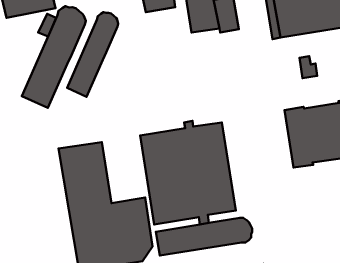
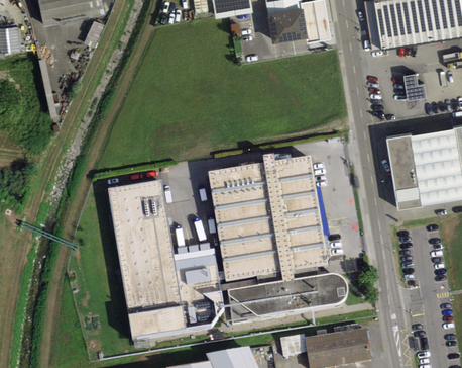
building: [22,6,86,108] -> none
building: [67,12,118,97] -> none

